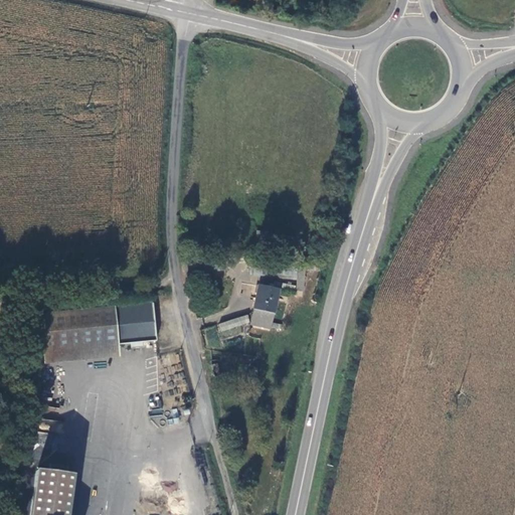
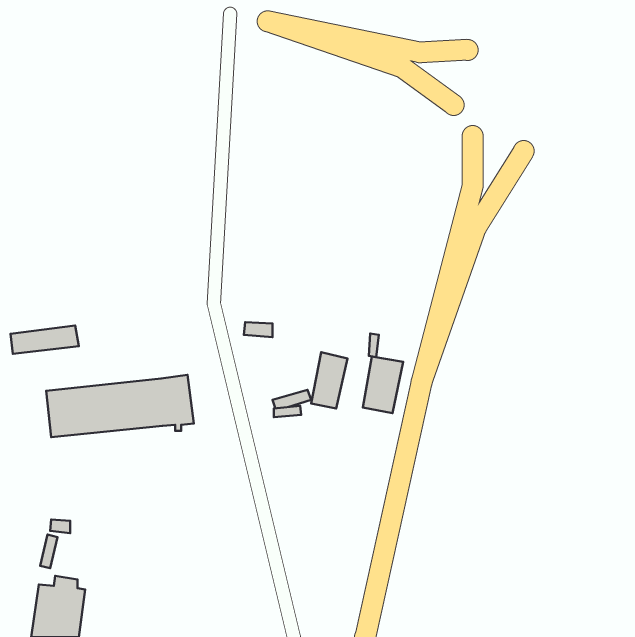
building: none -> [10,325,79,354]
building: none -> [363,356,403,413]

